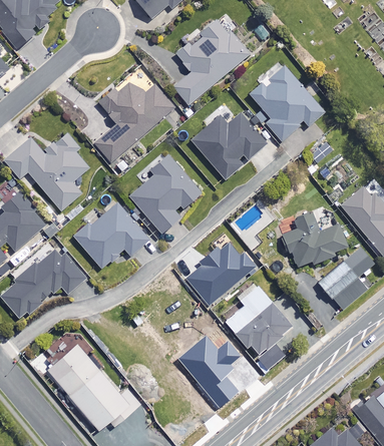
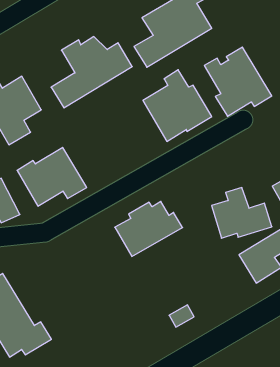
building: [129,154,201,233] -> none
building: [225,286,292,354] -> none
building: [177,335,239,406] -> none

